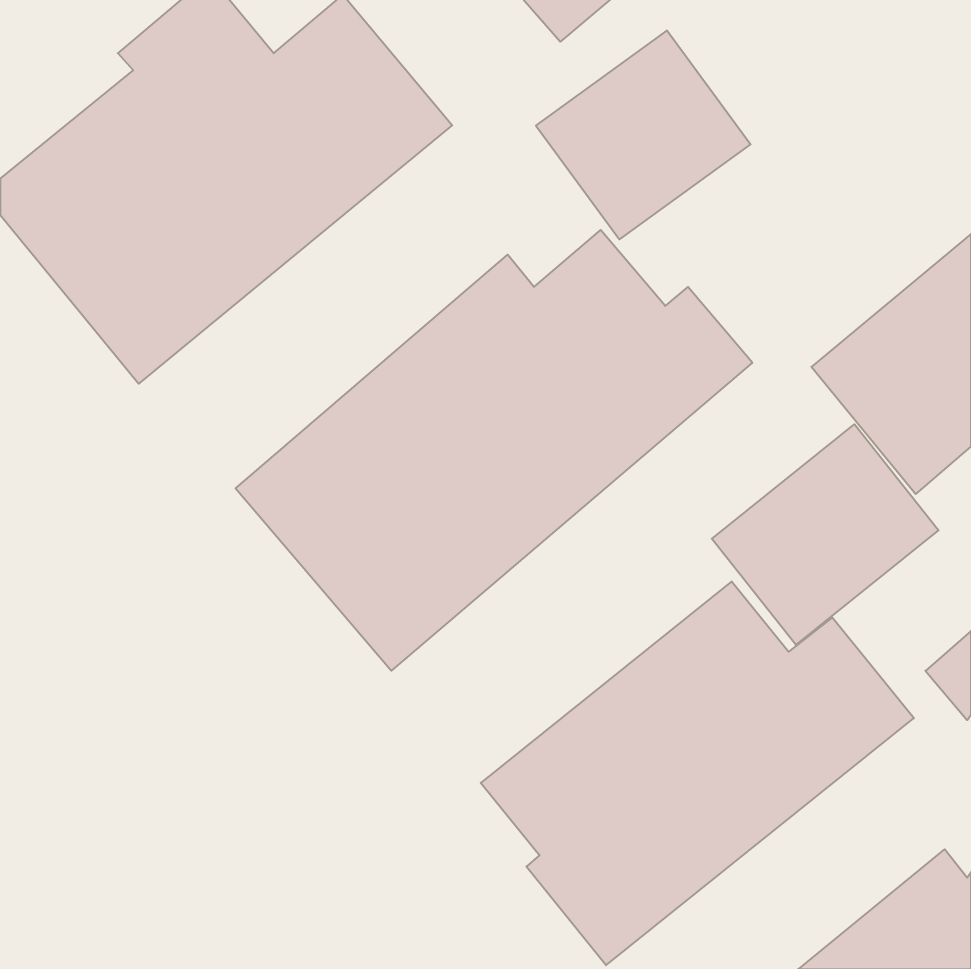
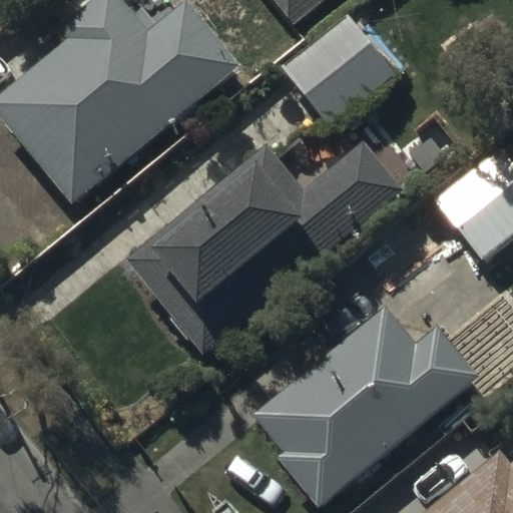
building: [712,424,939,645] -> none

